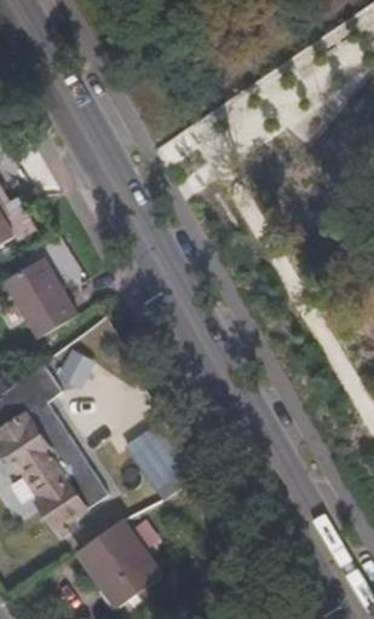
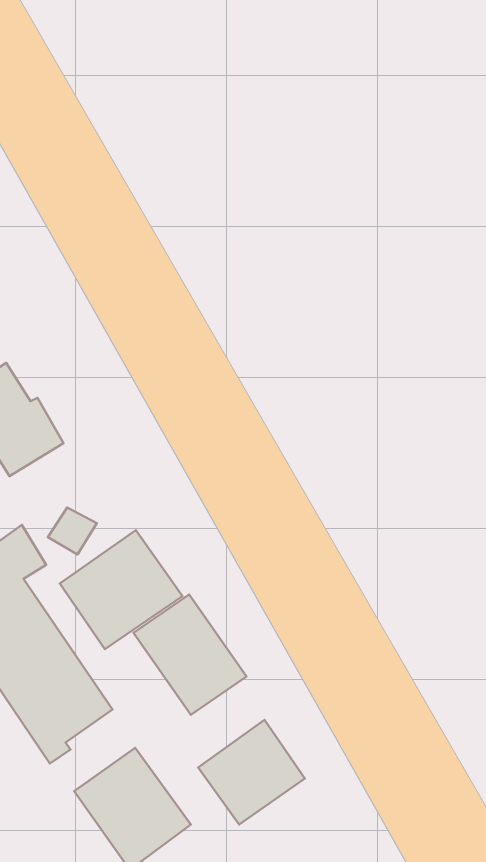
building: none -> [60,530,182,649]
building: none -> [198,720,305,824]

